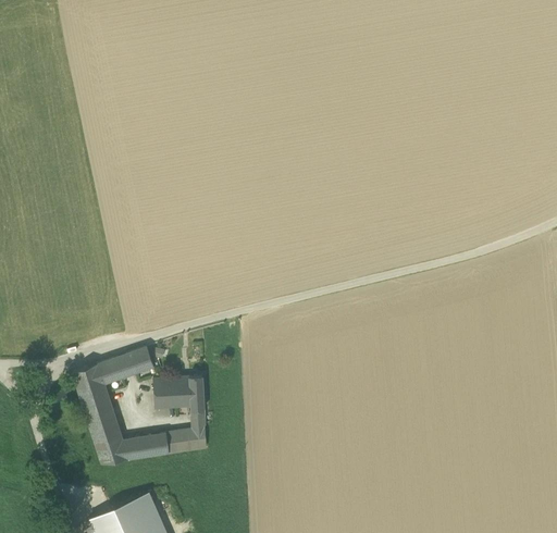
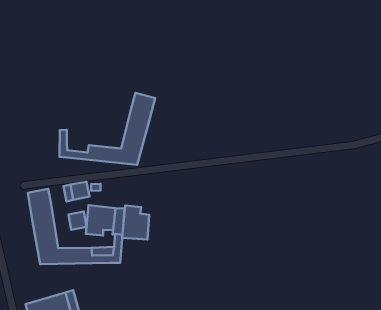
building: none -> [60,93,155,165]
building: [98,357,124,383] -> [68,212,87,230]
building: none -> [122,206,149,240]

